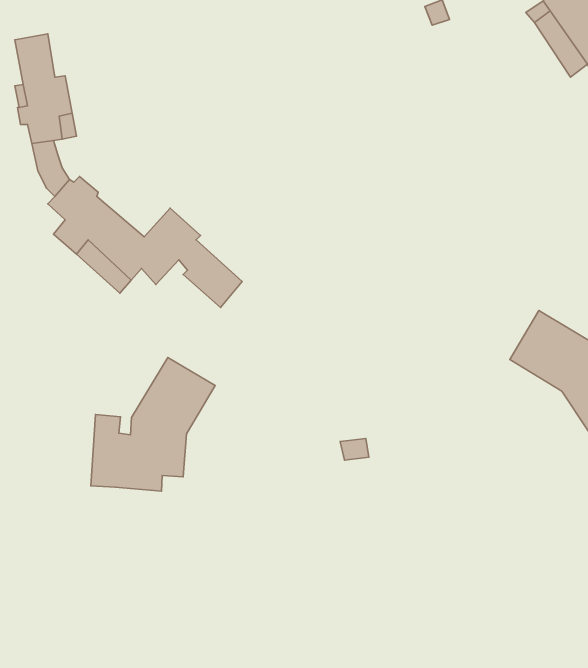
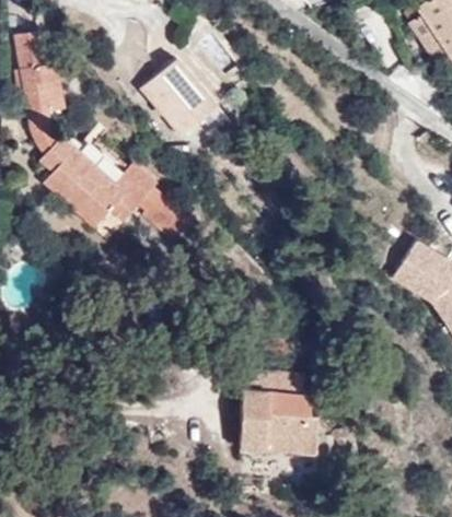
building: none -> [141,59,217,138]
building: [91,357,215,491] -> none
building: none -> [240,371,316,454]

